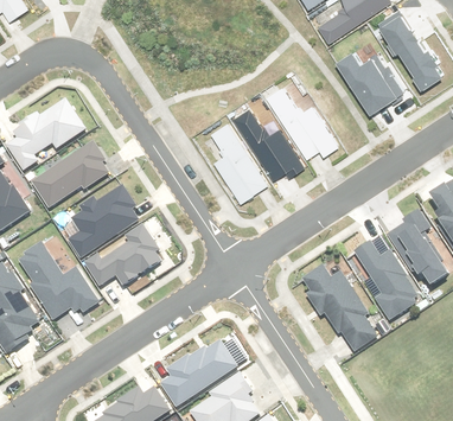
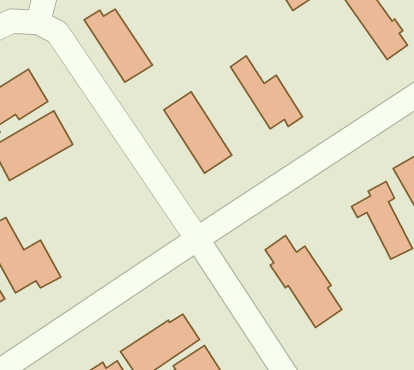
building: [339,51,402,110] -> none
building: [234,107,301,179] -> [84,9,152,82]
building: [70,186,138,259] -> none
building: [88,227,161,287] -> none
building: [356,243,419,319] -> none

